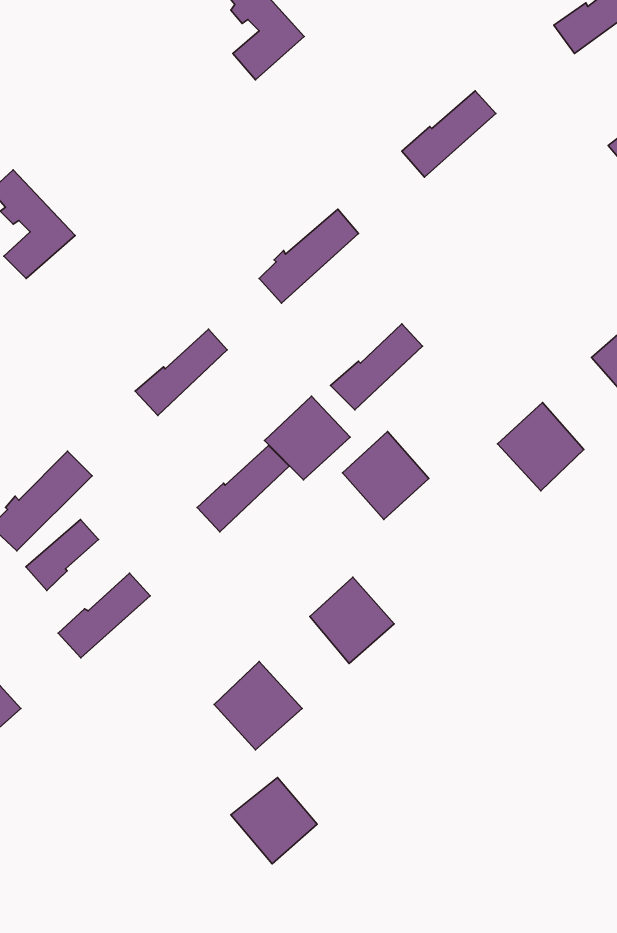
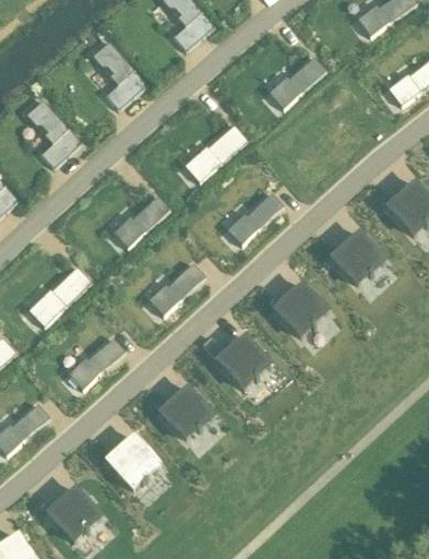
building: none -> [96,43,145,107]
building: [265,396,350,480] -> none
building: [343,431,429,520] -> [271,288,321,340]
building: [26,520,98,590] -> none
building: [231,777,317,864] -> [107,439,157,489]
building: none -> [52,487,105,538]

